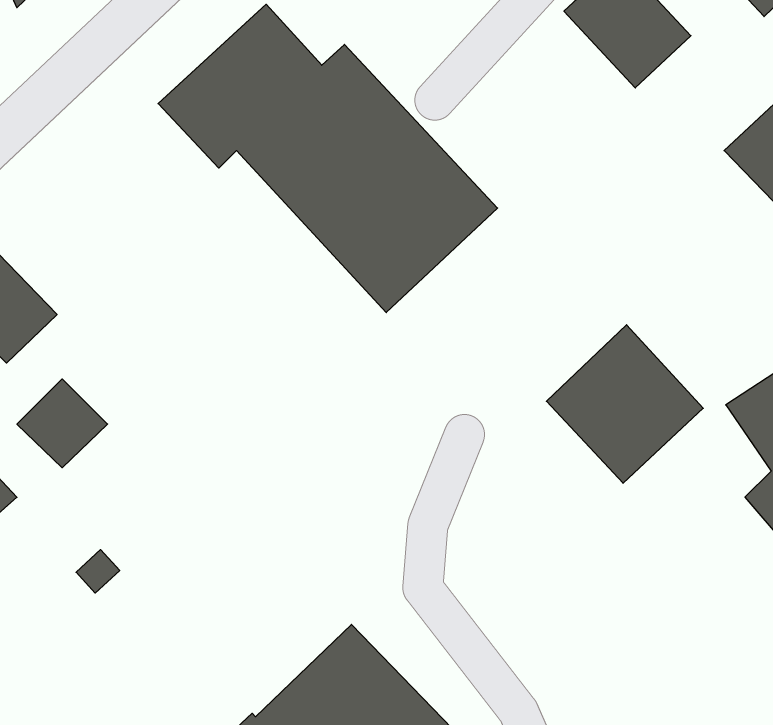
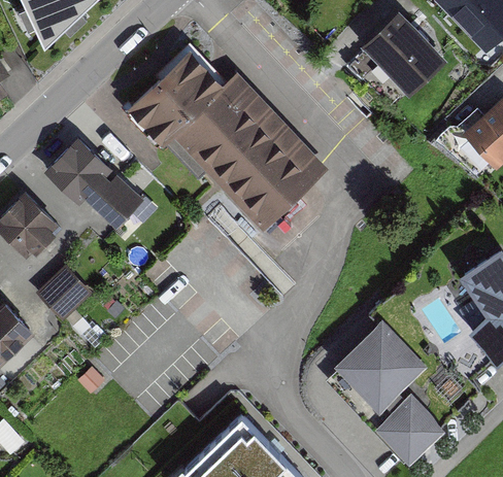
building: none -> [43,136,142,228]
building: [546,325,703,483] -> [333,319,426,413]
building: none -> [375,394,443,462]

